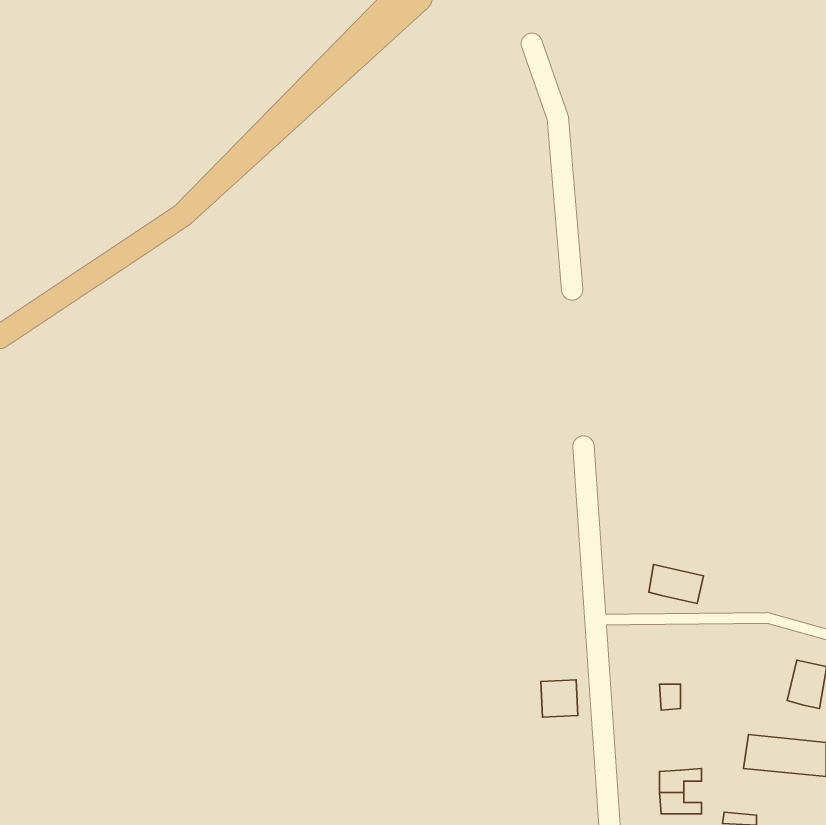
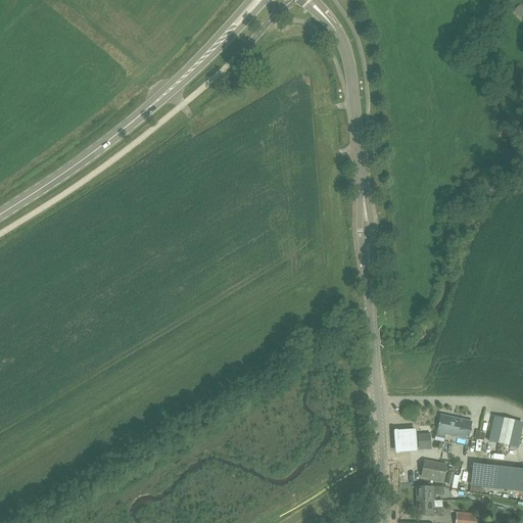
building: [649,565,704,603] -> [437,415,472,439]
building: [541,680,578,717] -> [393,427,417,450]
building: none -> [421,460,446,482]

